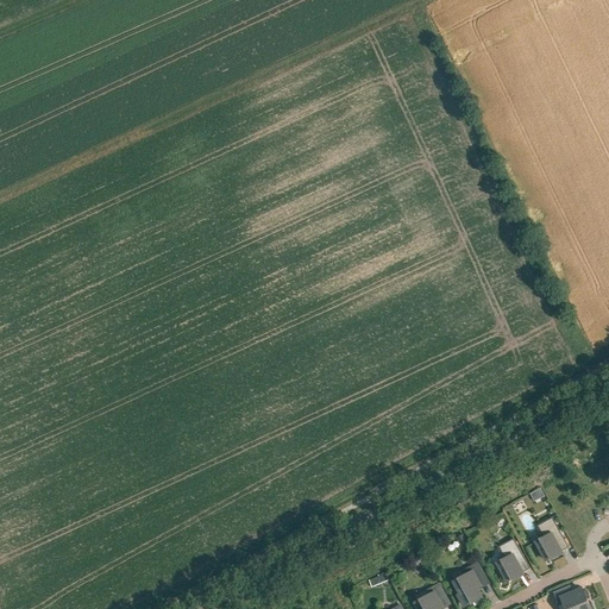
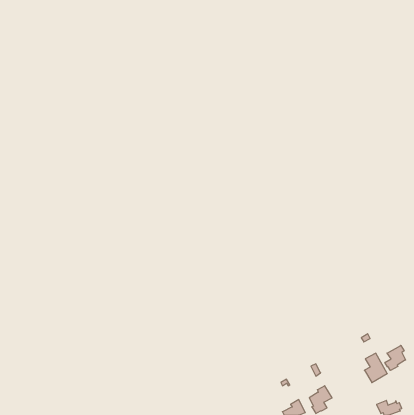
building: none -> [385,345,406,370]
building: [496,539,529,582] -> none

